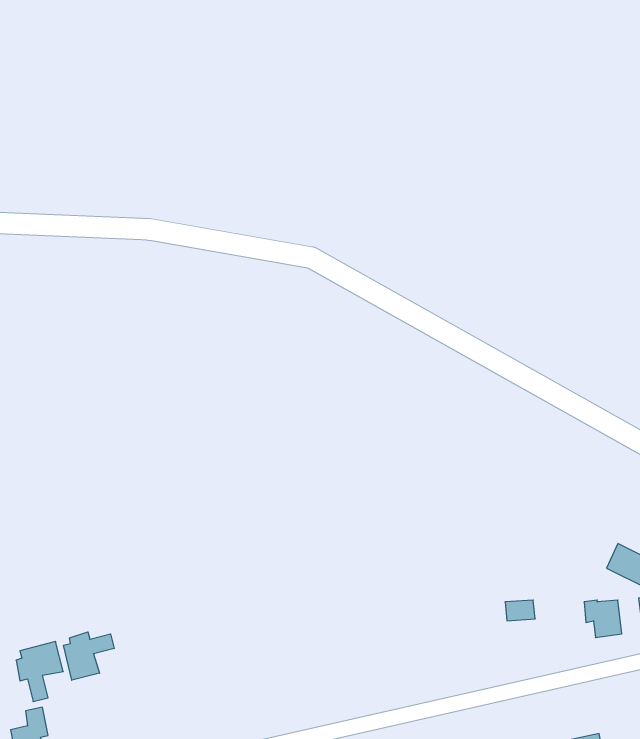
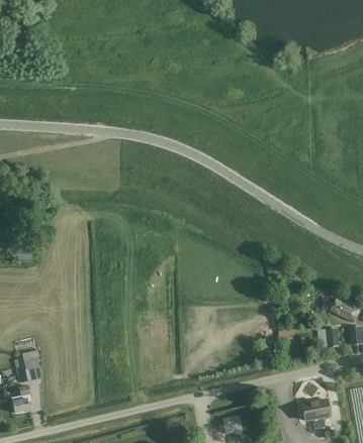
building: [64,632,114,680] -> none

